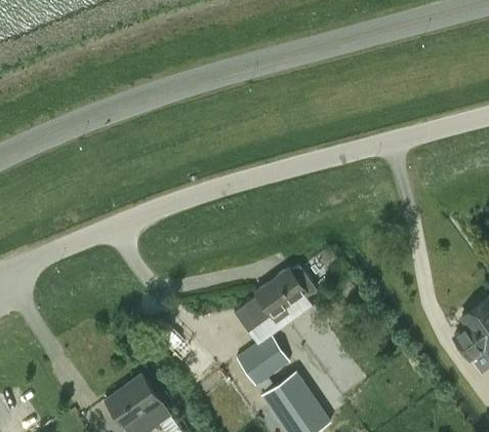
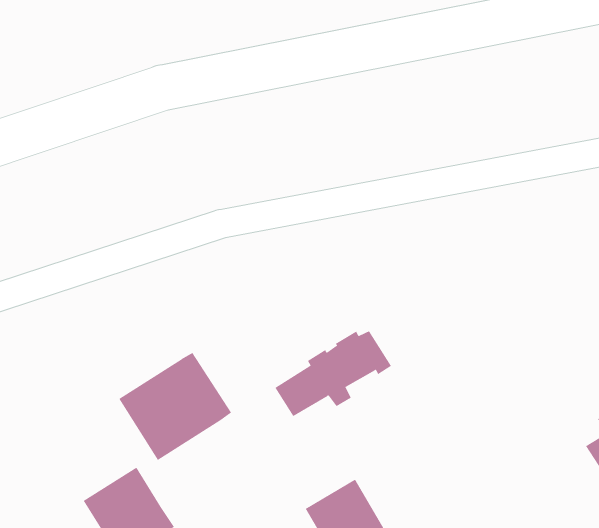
building: none -> [119,352,232,461]
building: [237,333,291,387] -> none

